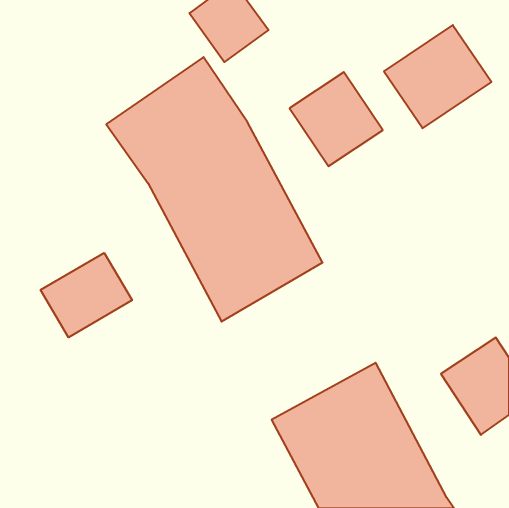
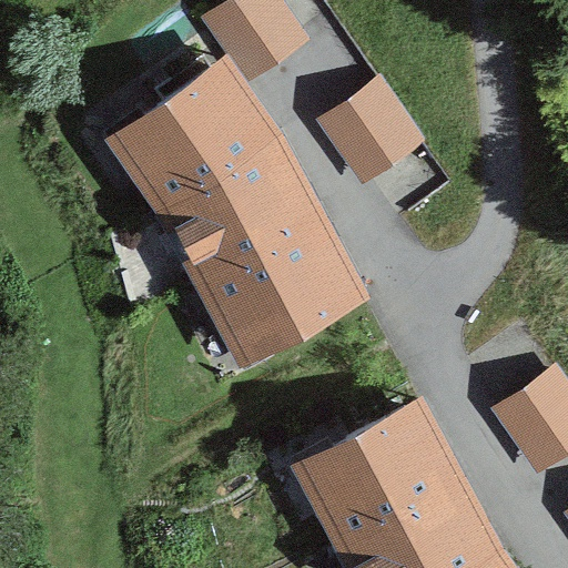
building: [384,25,491,128] -> none
building: [41,253,132,337] -> none

